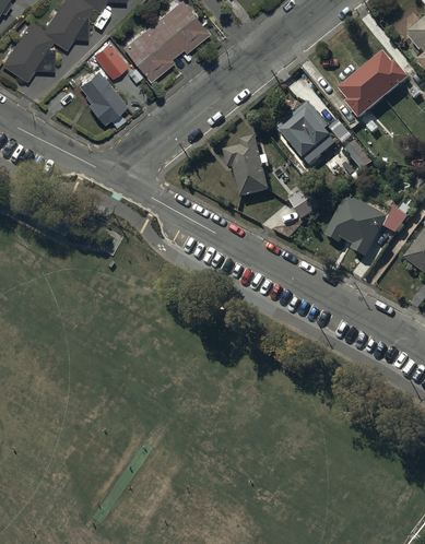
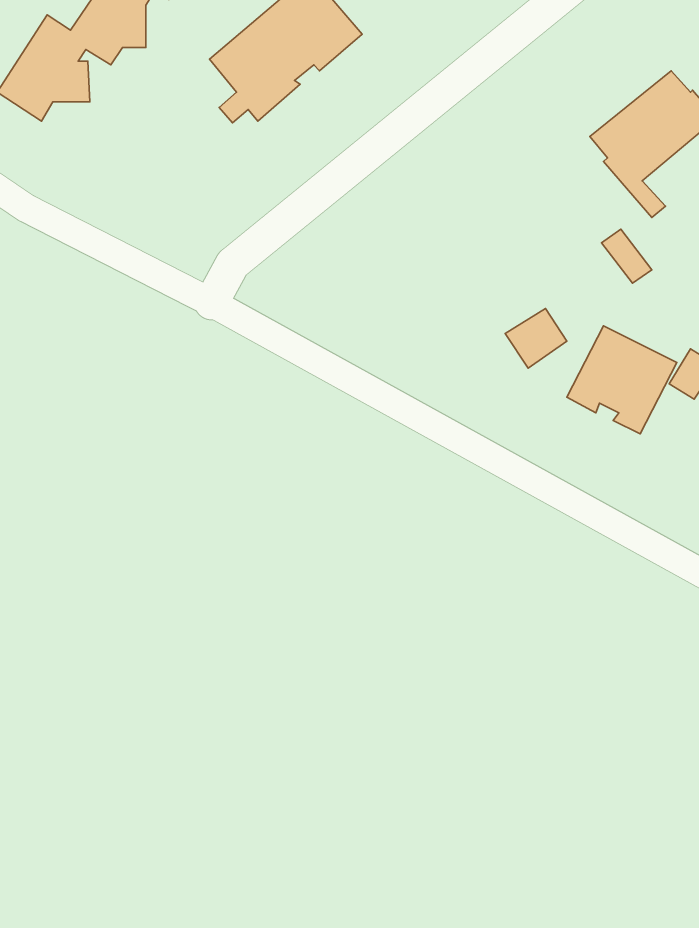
building: [78,39,128,126] -> none
building: [278,100,338,166] -> none
building: [223,134,269,197] -> none

